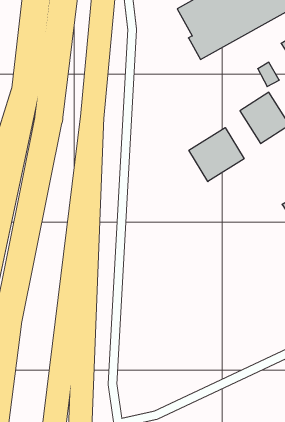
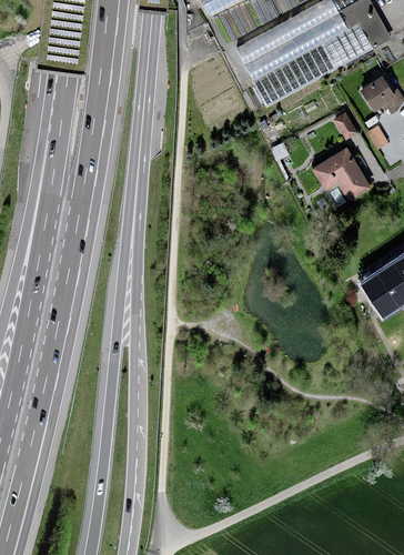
building: [189,128,244,182] -> none

